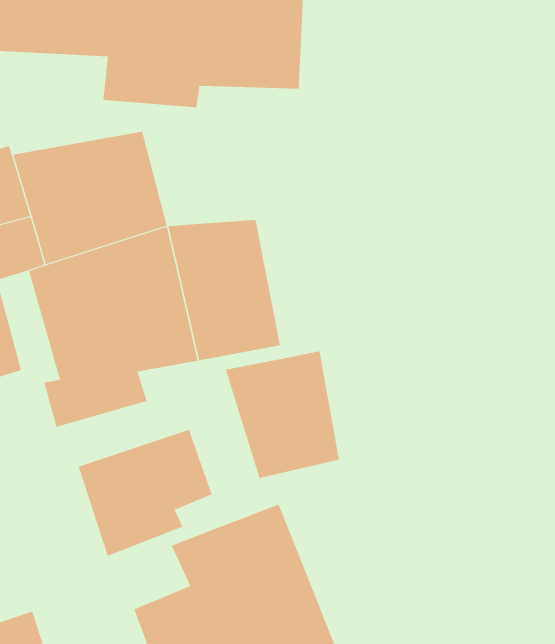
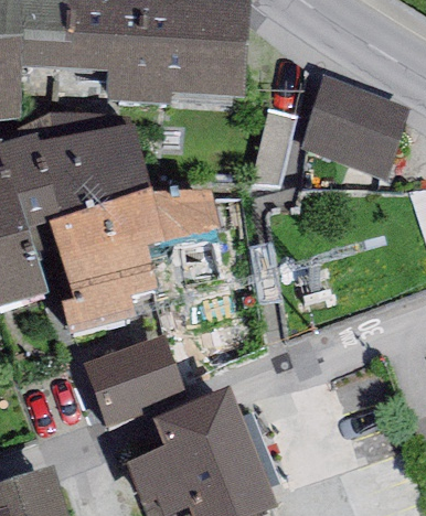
building: none -> [296,77,409,181]
building: [225,351,339,479] -> none

